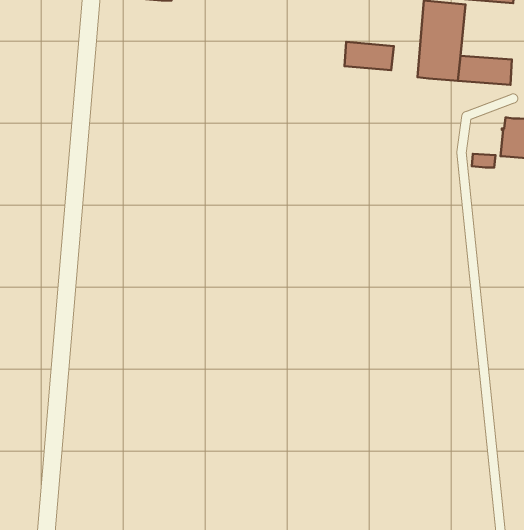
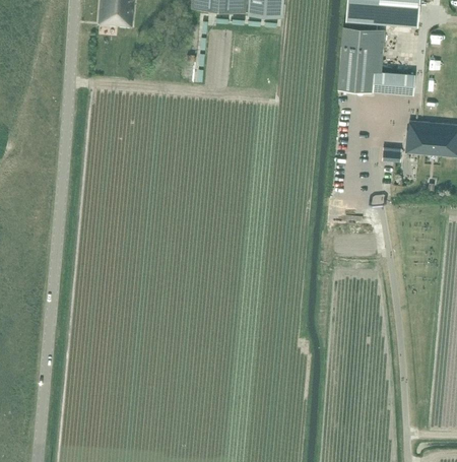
building: [345,42,394,70] -> none

